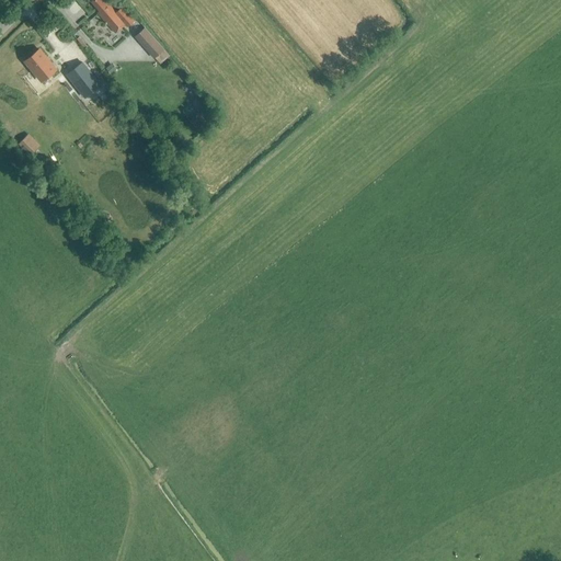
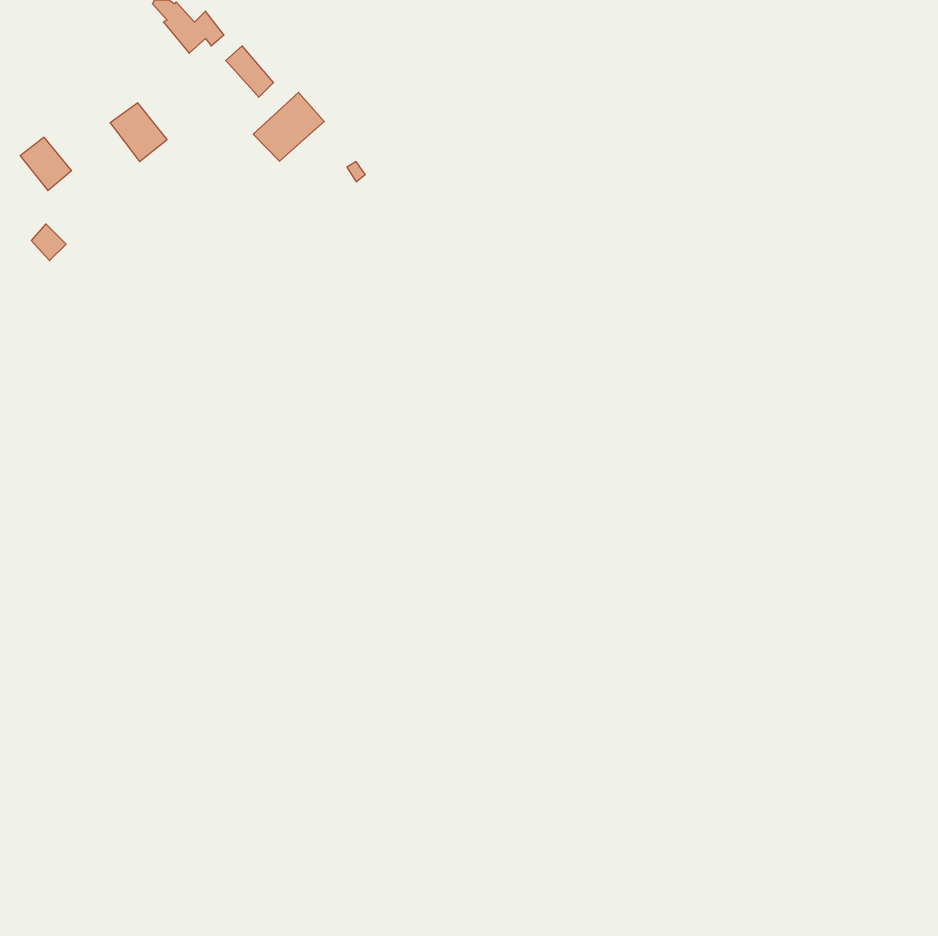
building: [25,51,56,83] -> [20,137,72,191]
building: none -> [253,92,324,161]

